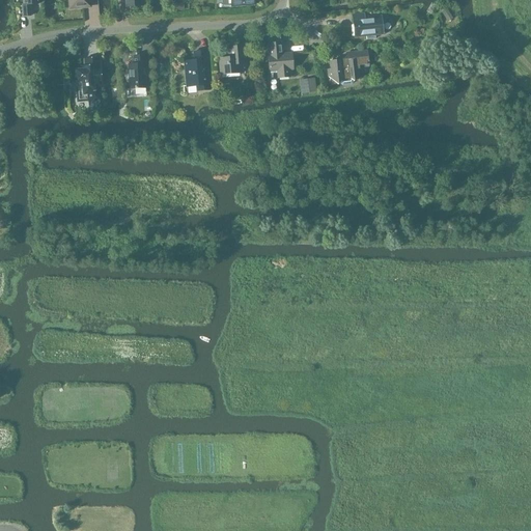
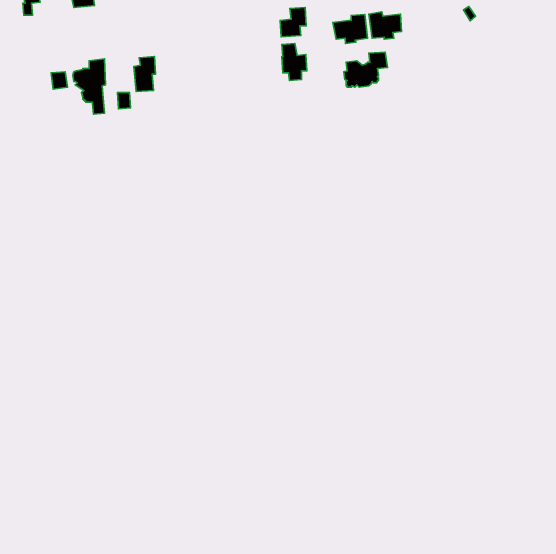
building: none -> [333,14,368,44]
building: [220,45,245,73] -> [280,7,306,37]
building: [185,49,209,89] -> none

